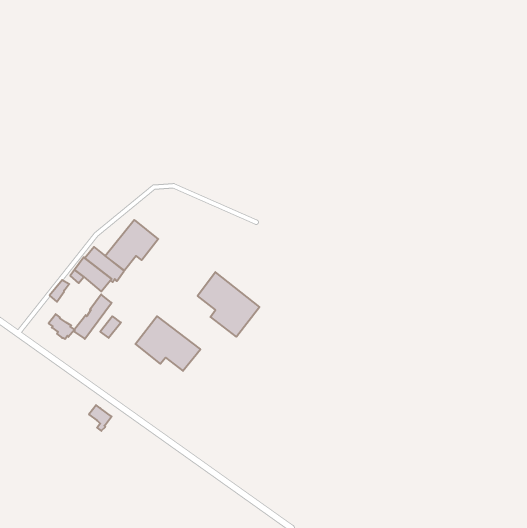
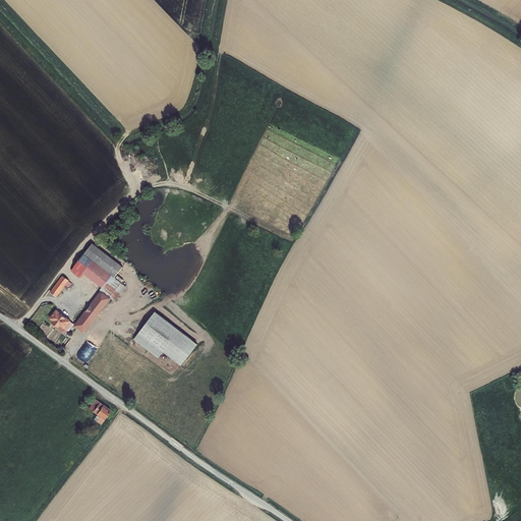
building: [105,220,158,270] -> none
building: [198,272,259,337] -> none

